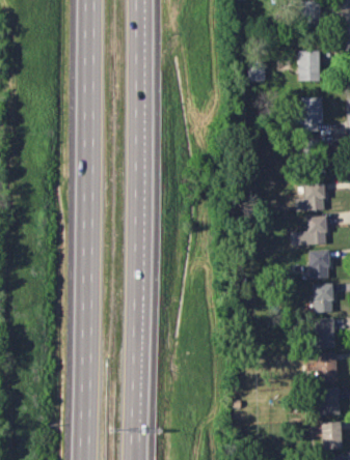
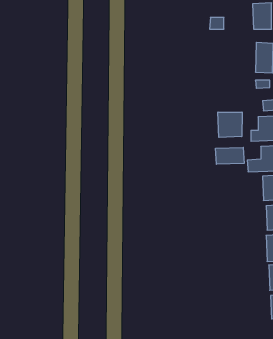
building: none -> [218,112,242,137]
building: none -> [216,147,244,164]

